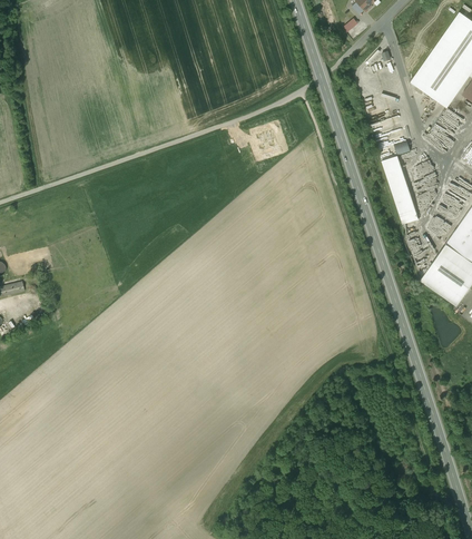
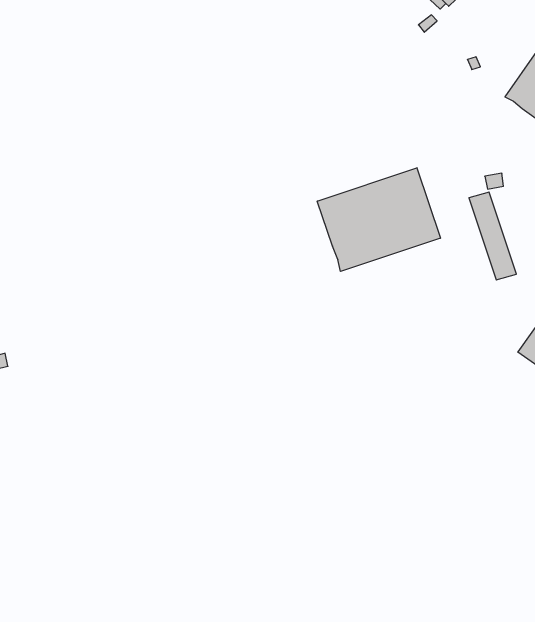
building: none -> [317,168,440,271]

